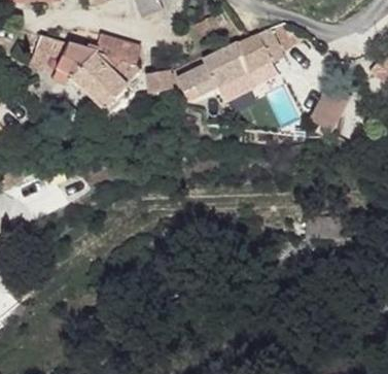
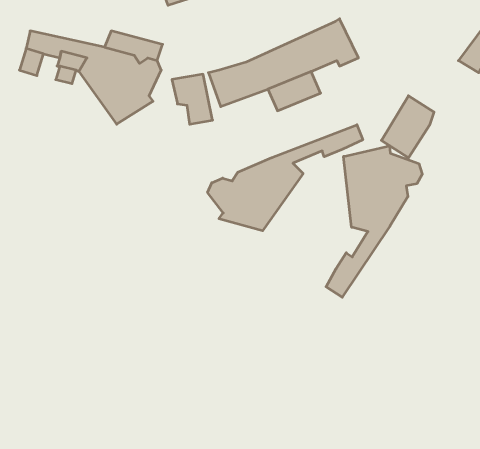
building: none -> [208,125,363,231]
building: none -> [326,146,422,297]

